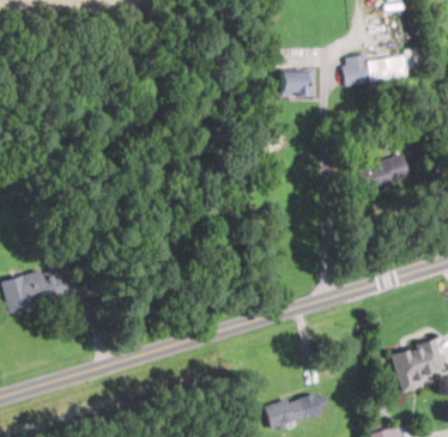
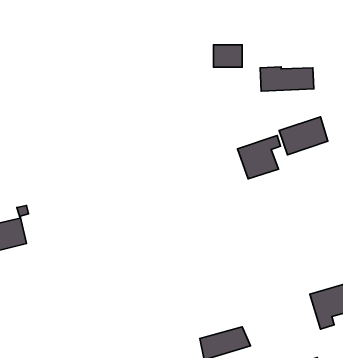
building: [343,56,404,84] -> [260,67,314,91]
building: none -> [237,136,281,179]

